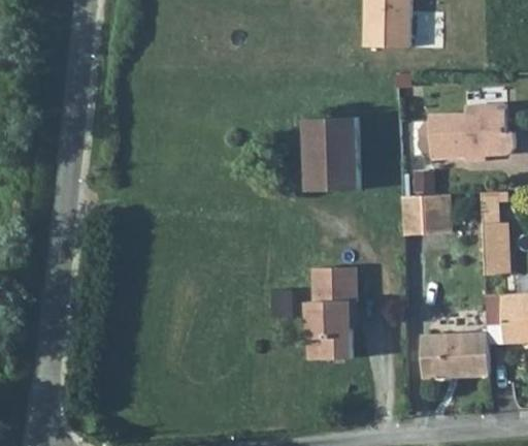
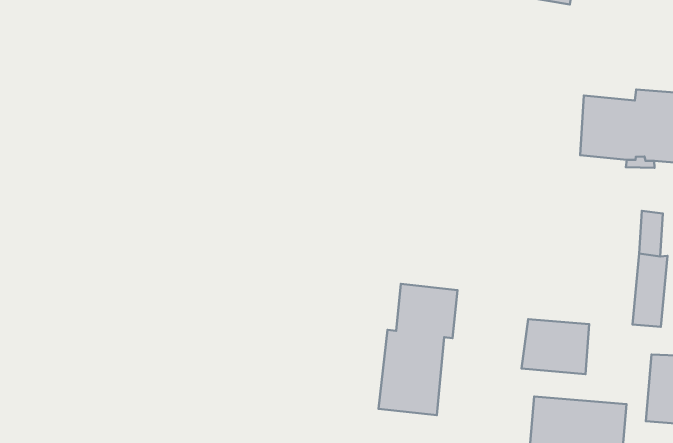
building: [306,117,360,191] -> none
building: [402,194,449,232] -> [522,319,589,374]

